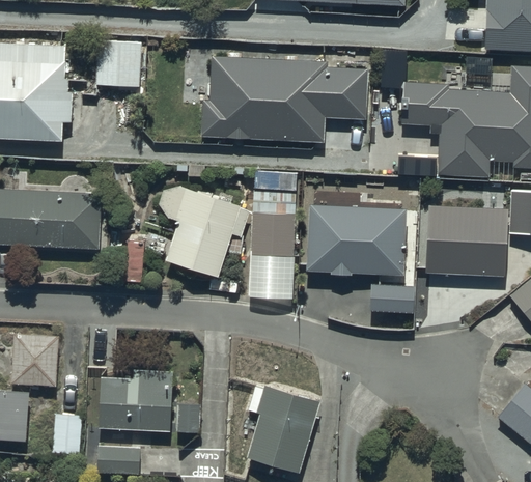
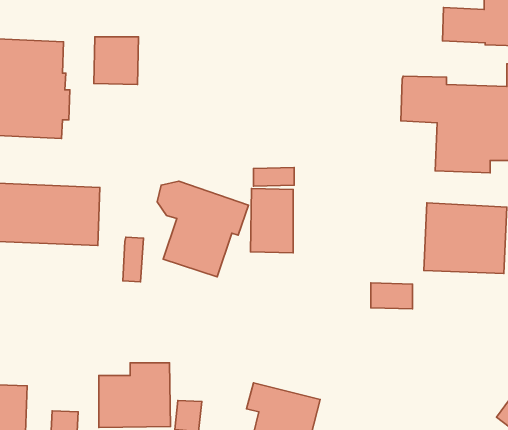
building: [201,57,369,146] -> none
building: [307,205,406,277] -> none
building: [10,333,57,388] -> none

